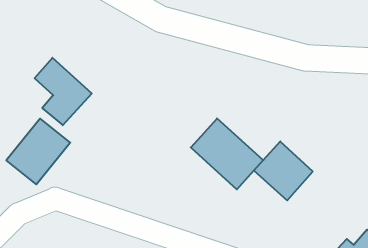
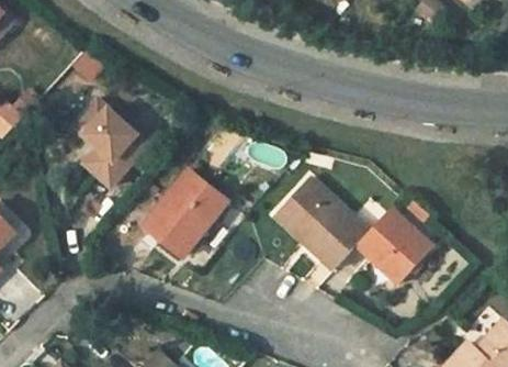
building: [6,119,70,184] -> [144,170,226,255]

